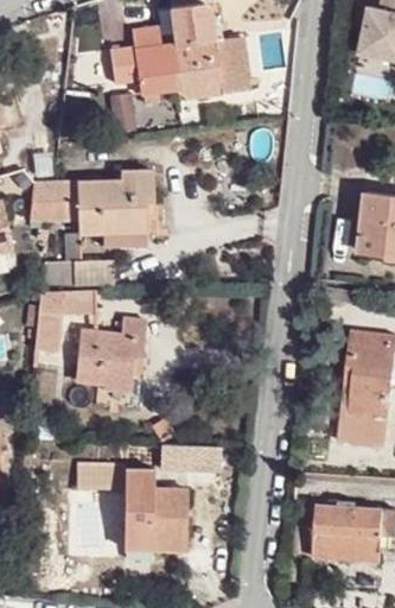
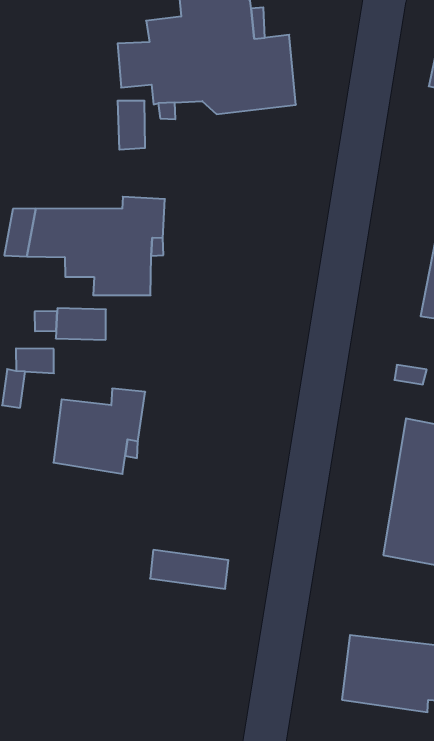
building: [77,470,189,553] -> none

